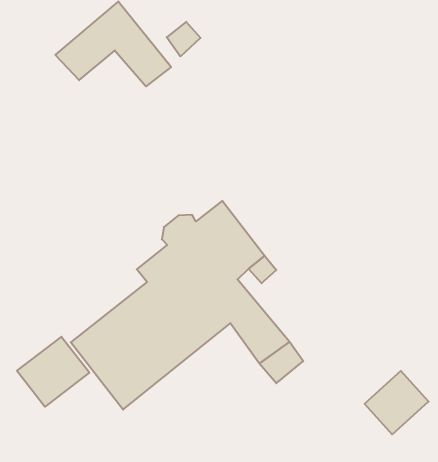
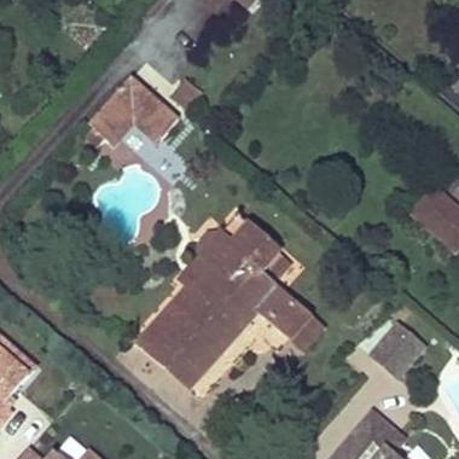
building: [17,337,89,407] -> none

